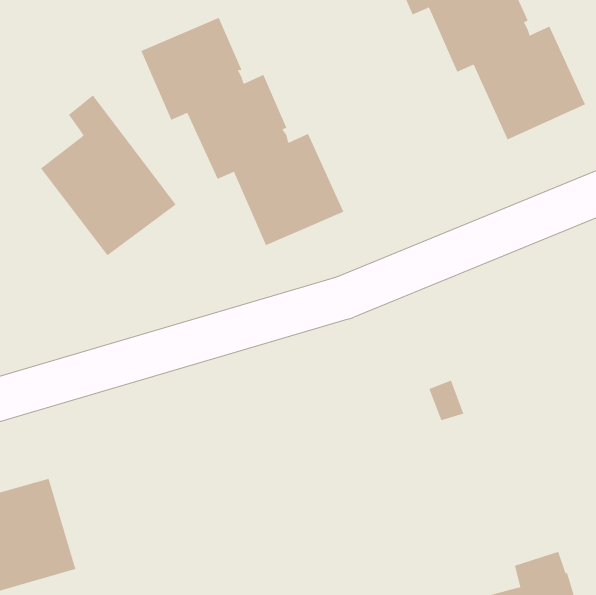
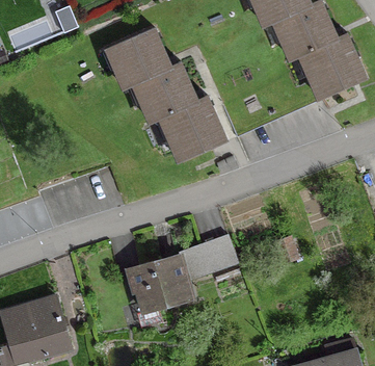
building: [40,95,176,256] -> none
building: none -> [127,235,236,311]

